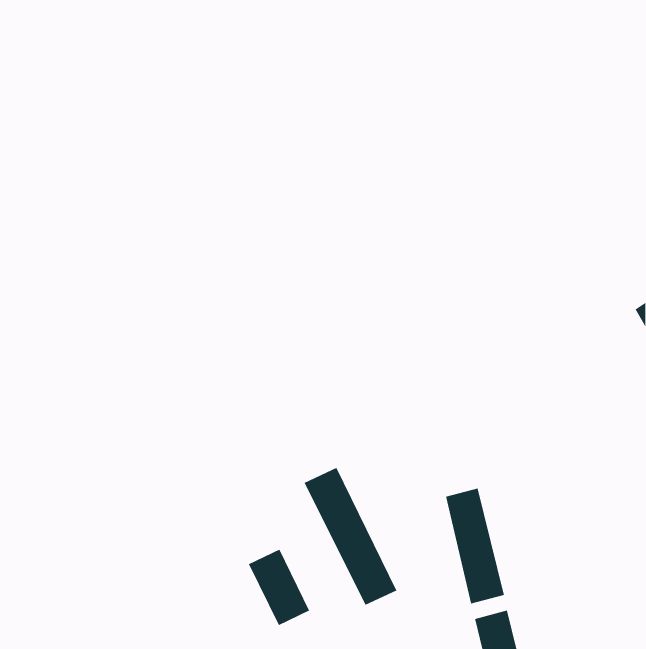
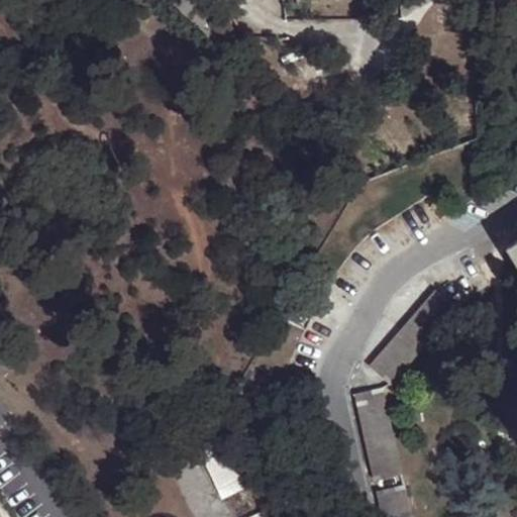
building: none -> [367,290,454,386]
building: [303,467,398,606] -> none

